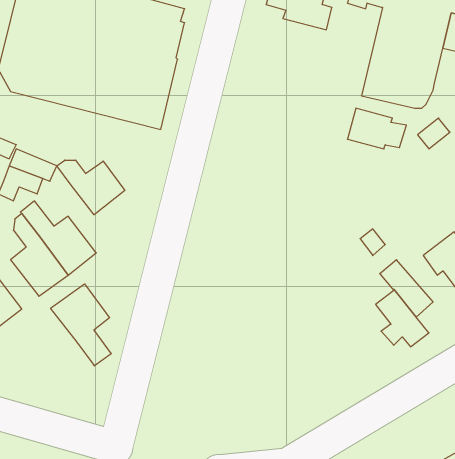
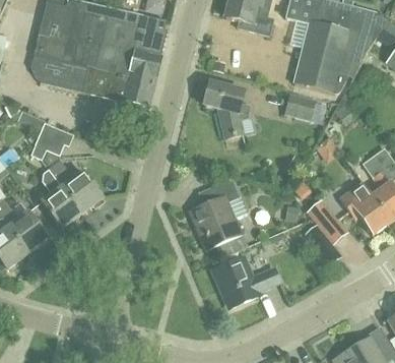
building: none -> [202,81,251,138]
building: [57,160,125,215] -> none
building: none -> [187,180,242,252]
building: [51,284,111,366] -> none
building: none -> [213,258,270,308]

